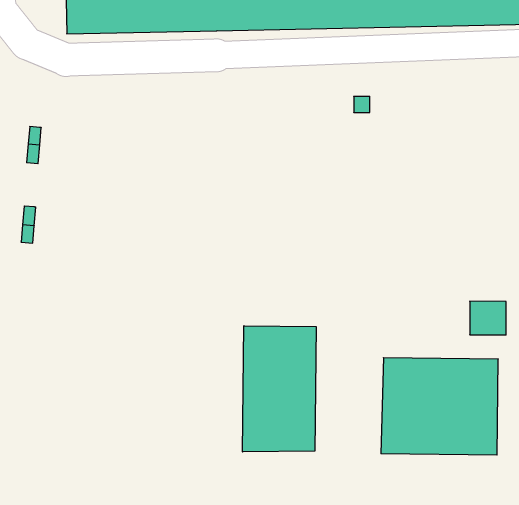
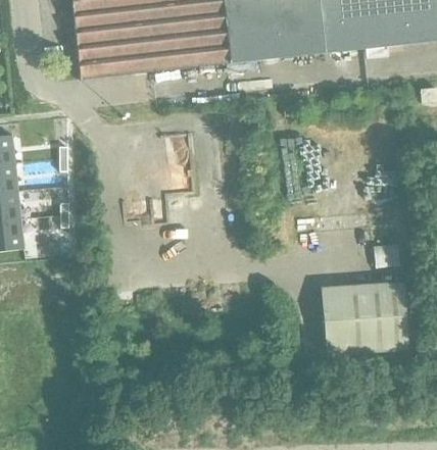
building: [243,326,316,452] -> none

